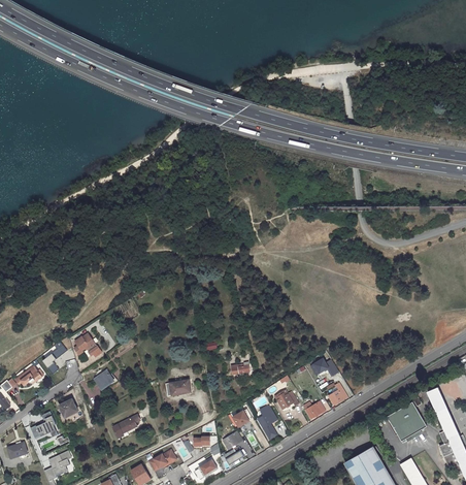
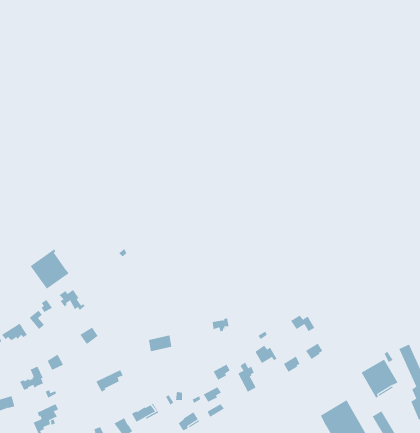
building: none -> [30,248,69,290]

